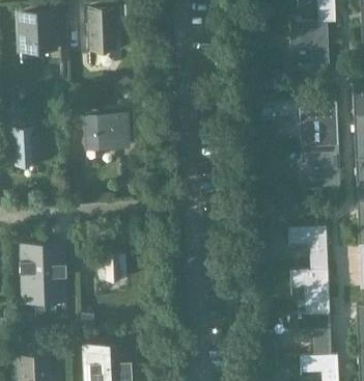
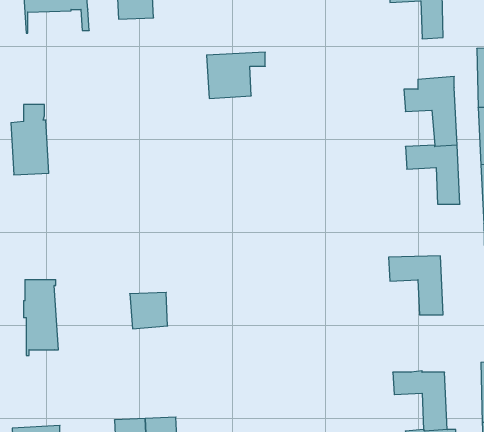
building: [84,115,128,149] -> [207,52,265,98]
building: [41,244,65,301] -> none
building: [291,271,331,314] -> none

